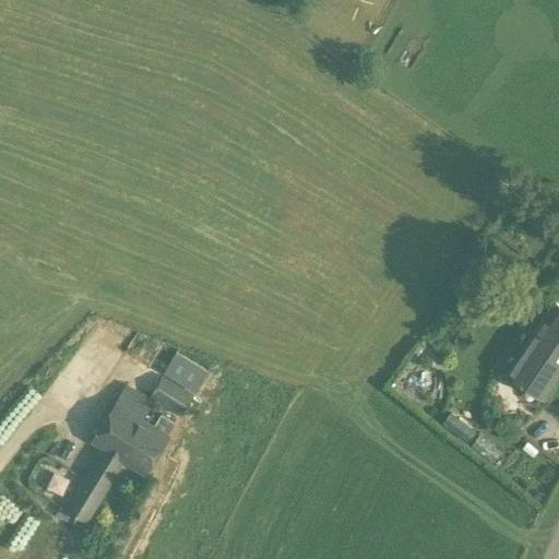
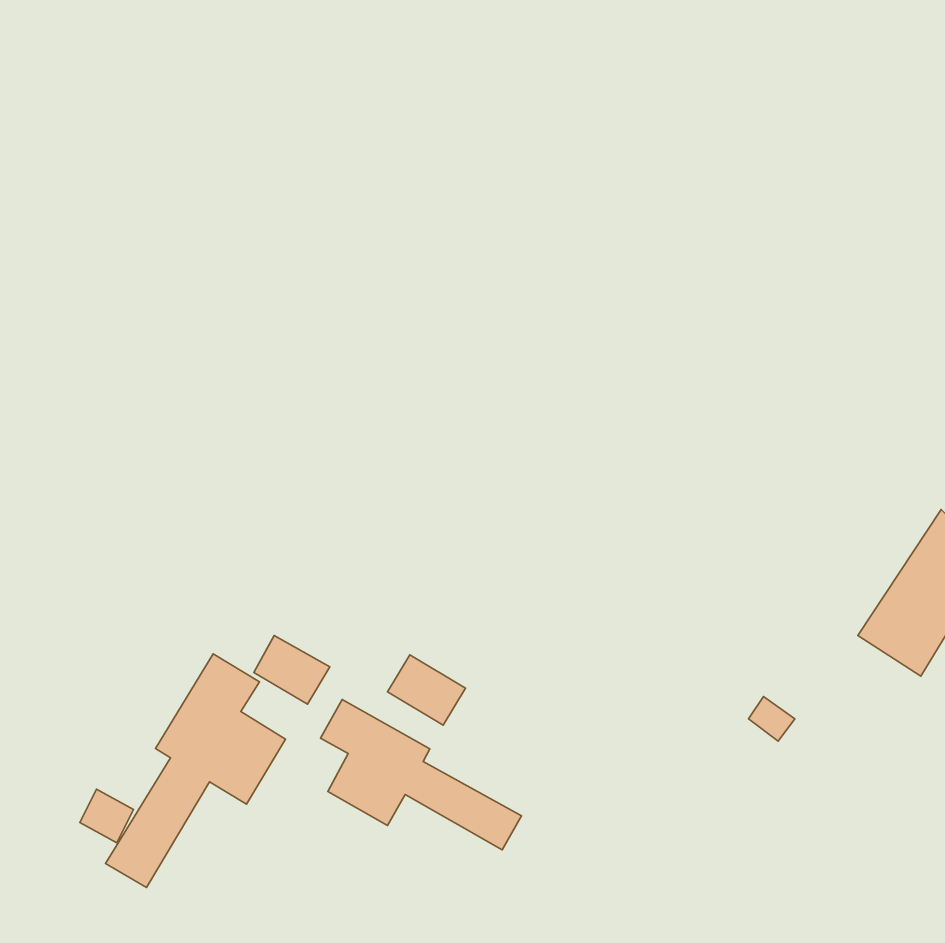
building: [164,354,210,395] -> [388,655,465,725]
building: none -> [320,700,522,850]

